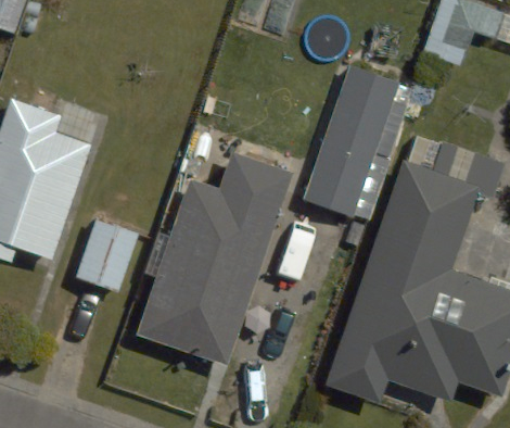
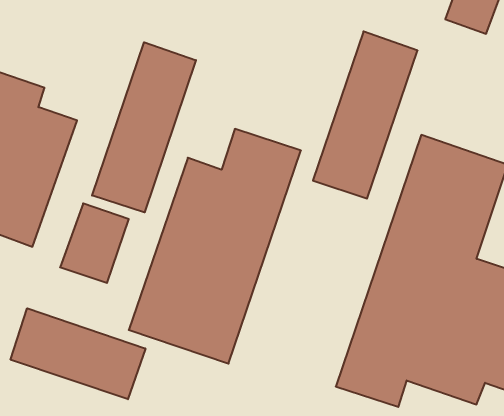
building: none -> [92,42,196,212]
building: none -> [11,308,145,399]

